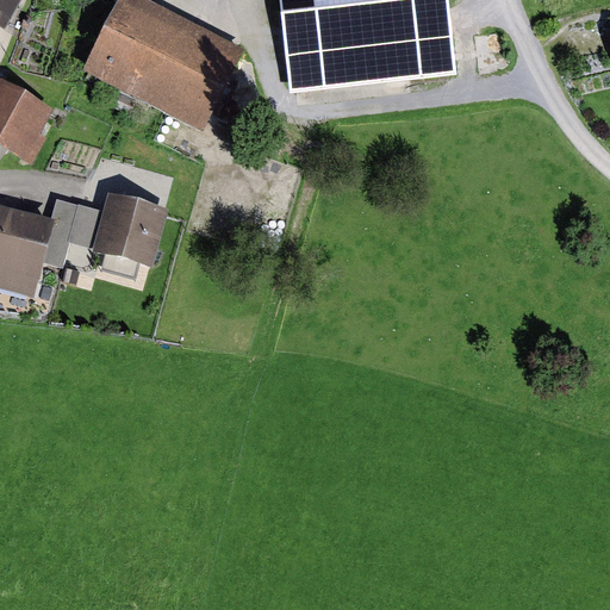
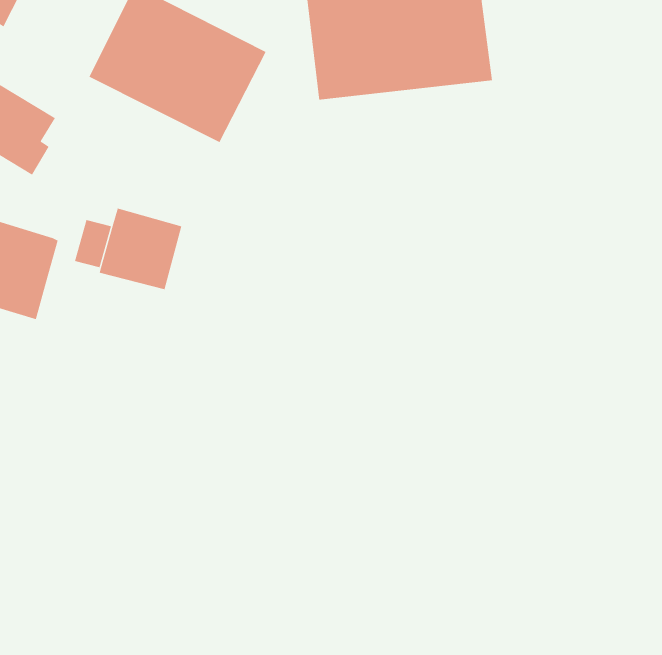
building: [43,195,79,263] -> none

